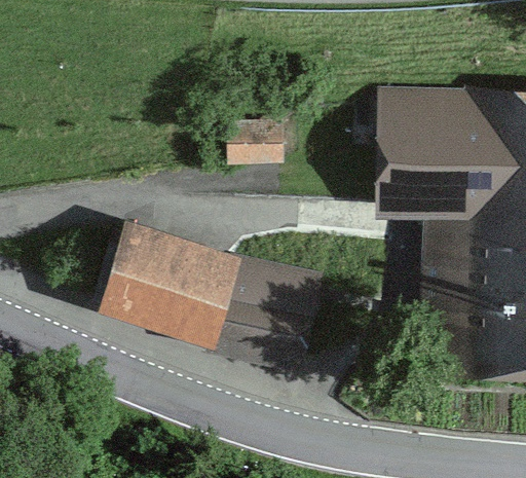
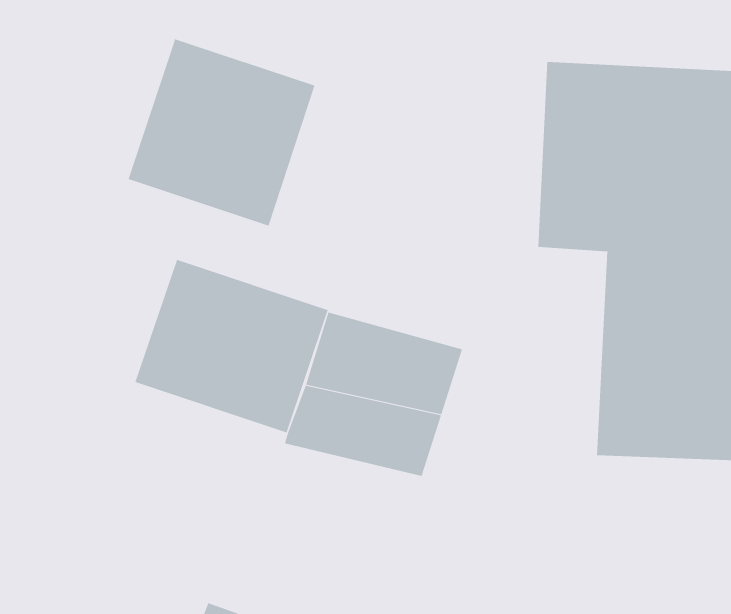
building: none -> [128,38,315,226]

